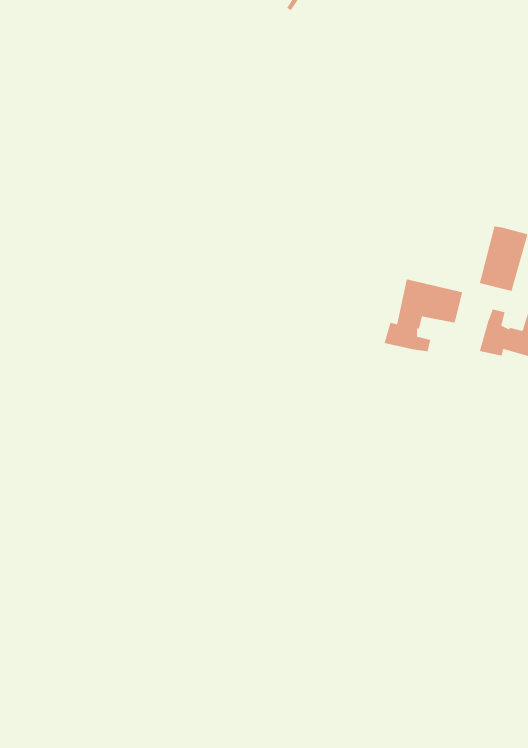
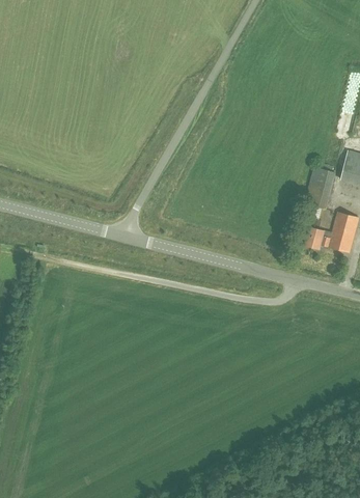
building: [384,278,463,352] -> none

